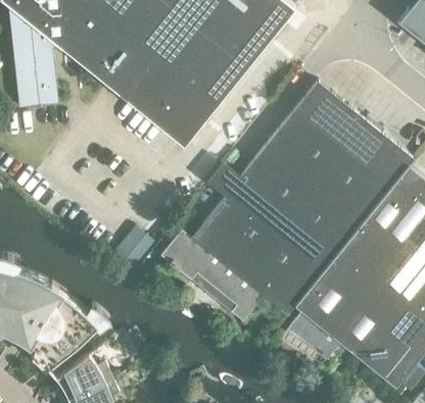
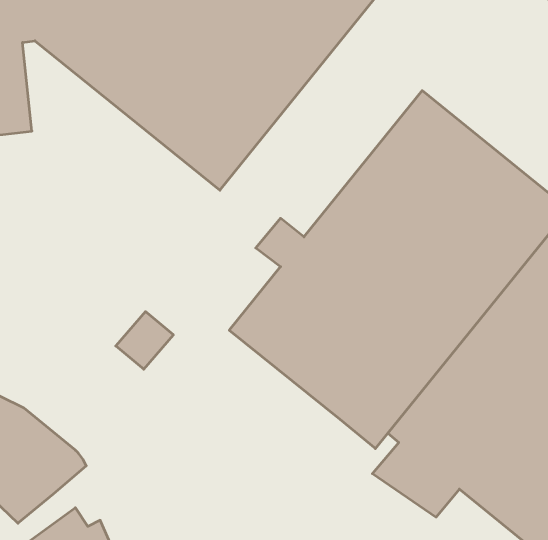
building: [161,230,264,321] -> none

